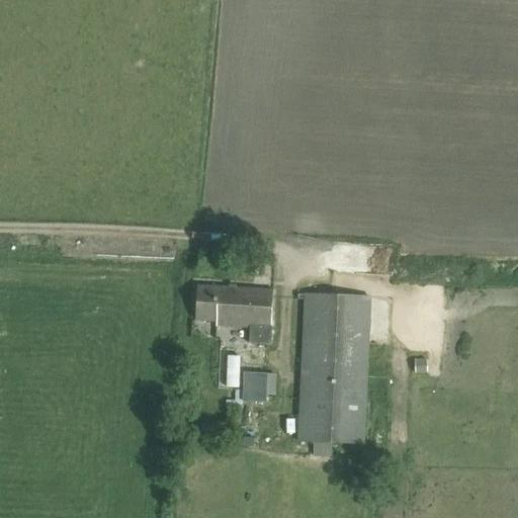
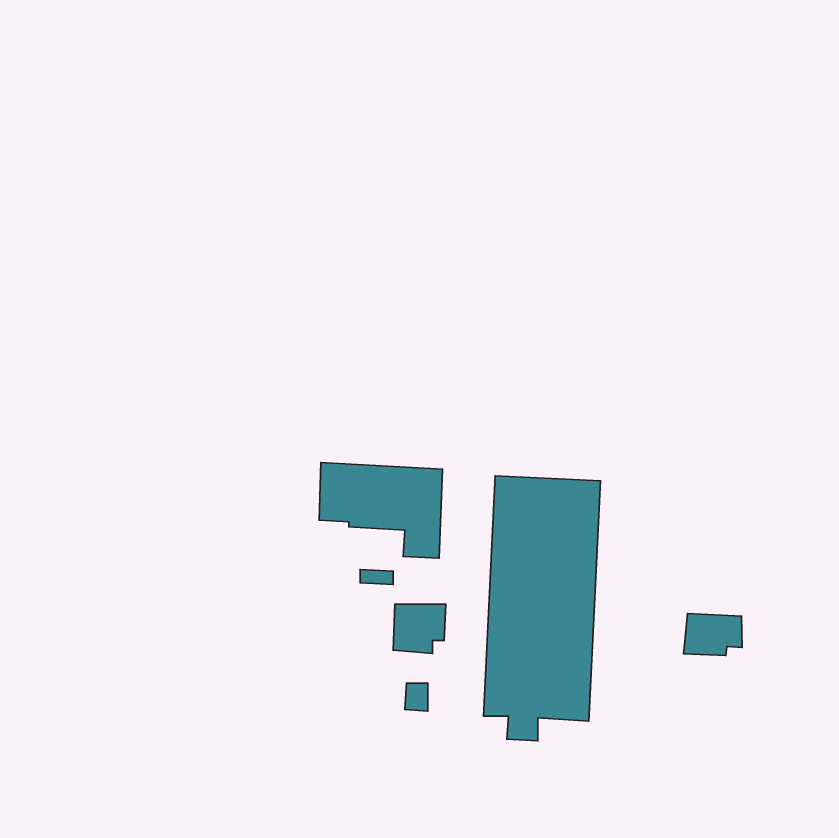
building: none -> [684,613,742,656]

